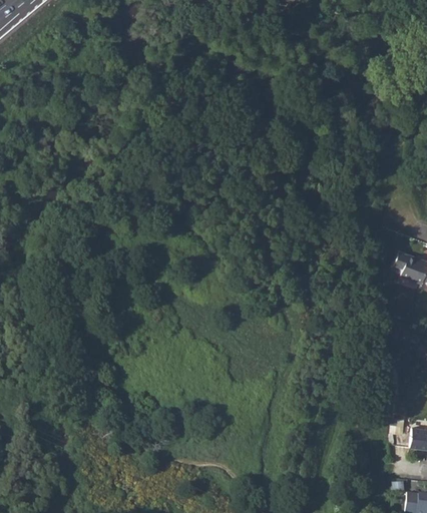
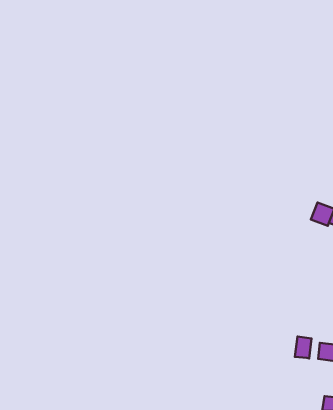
building: none -> [295,337,312,358]

